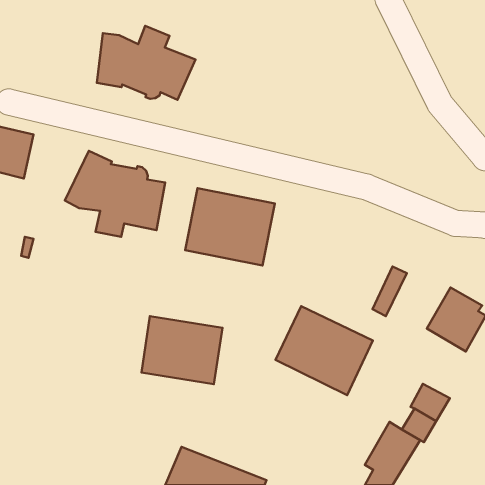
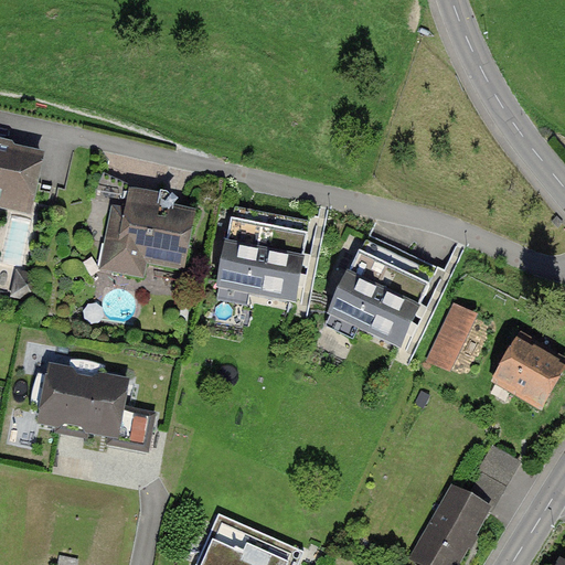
building: [97,26,195,100] -> none
building: [276,306,373,395] -> [328,250,440,353]
building: [141,316,223,384] -> [36,364,130,443]

